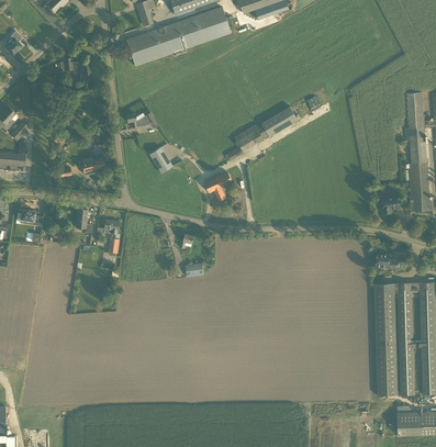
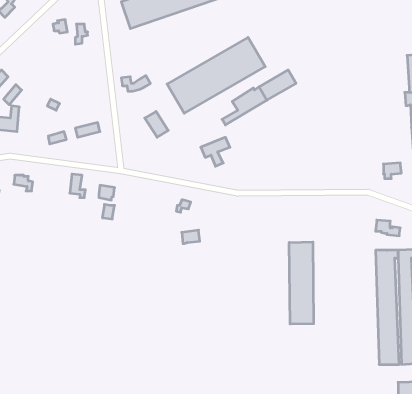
building: none -> [167,37,265,113]
building: none -> [289,242,314,324]

